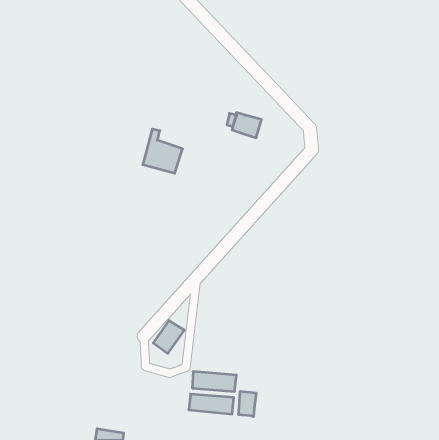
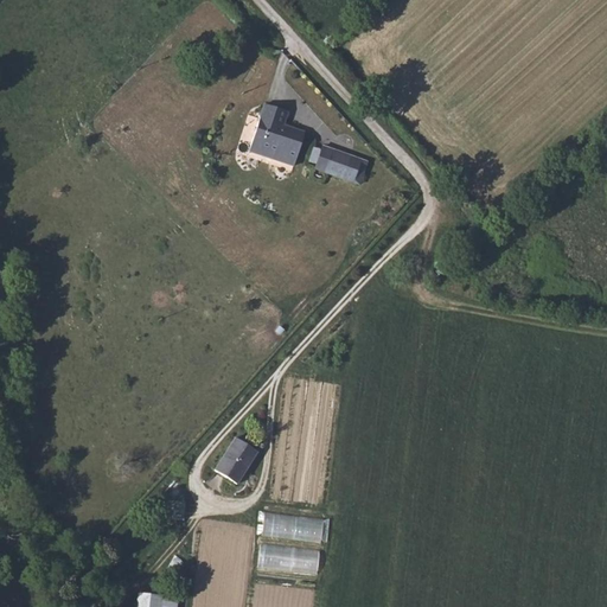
building: [143,129,183,173] -> [253,113,307,173]
building: [239,391,256,417] -> none

